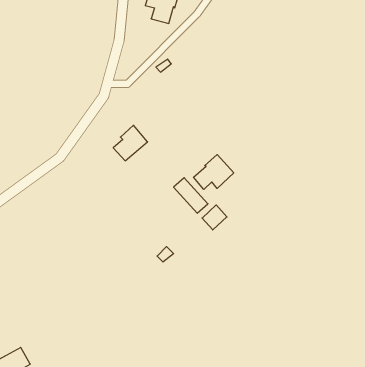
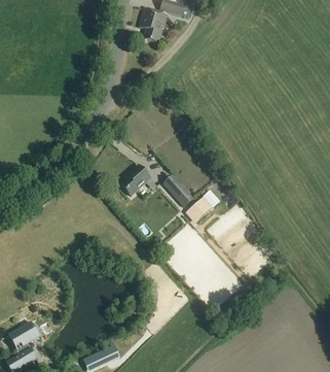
building: [113,125,148,161] -> [119,165,149,196]
building: [194,155,234,189] -> none

